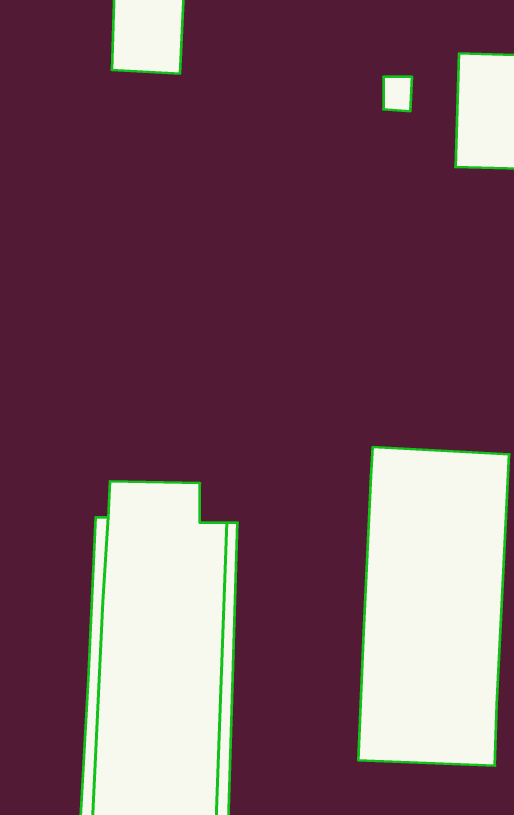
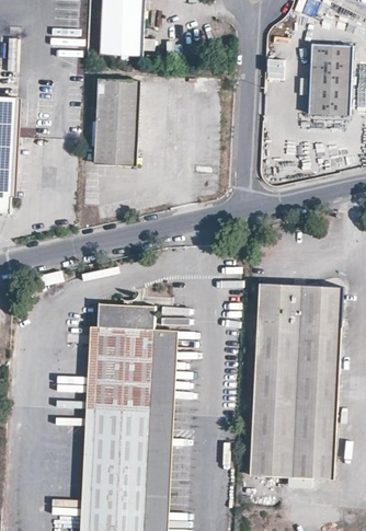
building: none -> [93,79,139,165]

